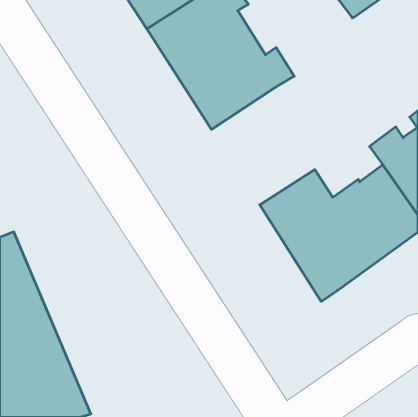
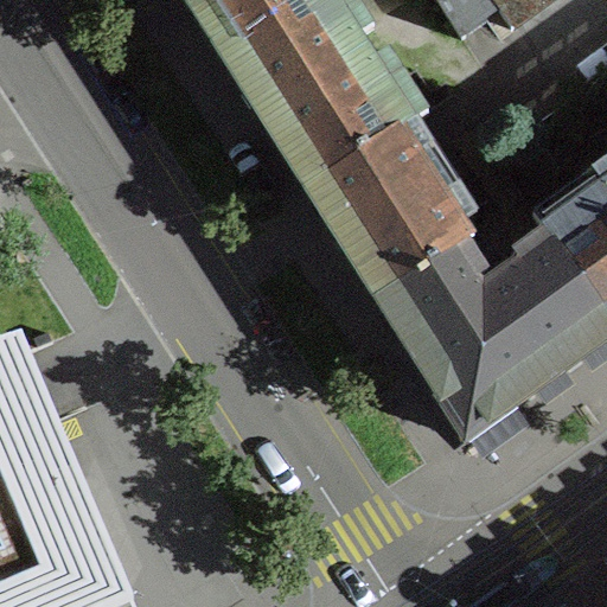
building: none -> [306,126,471,296]

